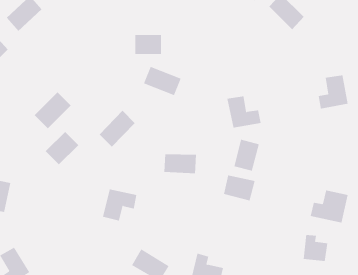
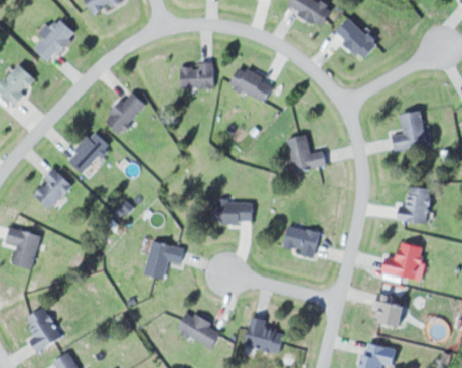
building: [143,66,182,96] -> [229,66,274,101]
building: [99,110,136,148] -> [104,90,146,134]
building: [45,131,79,165] -> [31,169,70,208]
building: [234,139,259,171] -> none
building: none -> [398,187,429,223]

